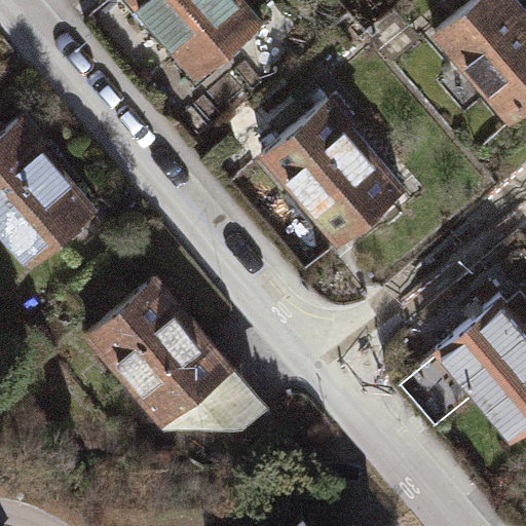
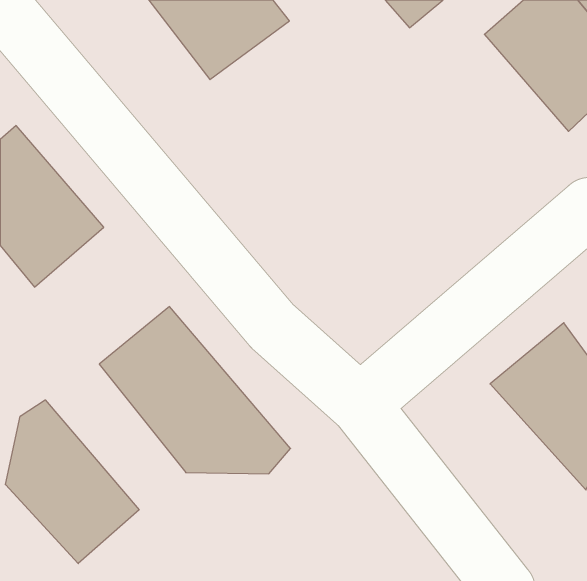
building: [266,103,399,241] -> none
building: none -> [5,400,139,564]

